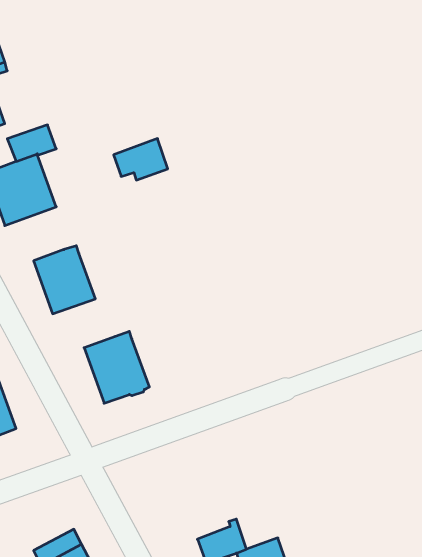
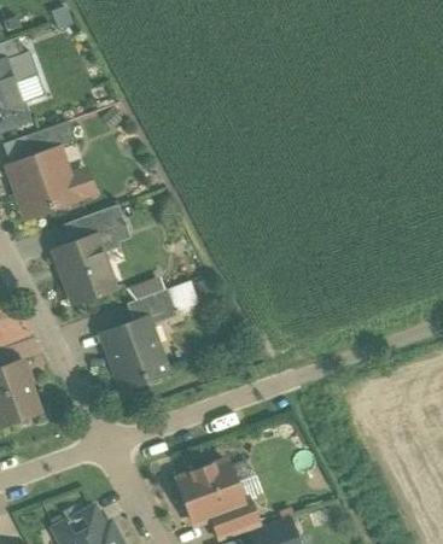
building: [114,139,168,180] -> [76,204,128,244]
building: none -> [126,288,176,326]
building: none -> [177,461,243,523]

